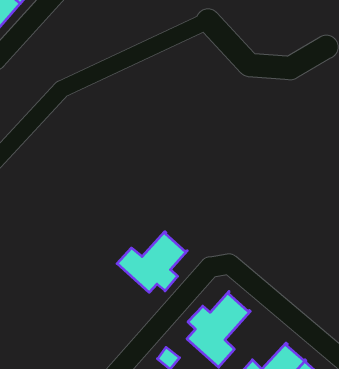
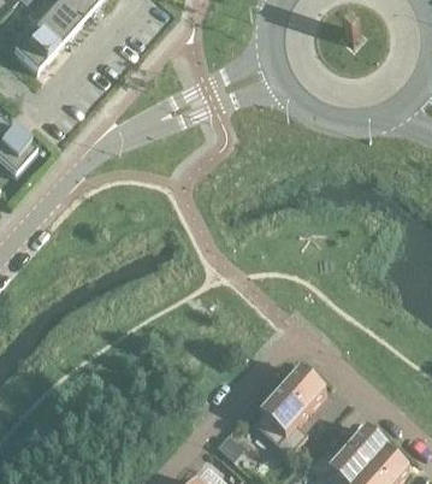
building: [117,232,187,292] -> none

